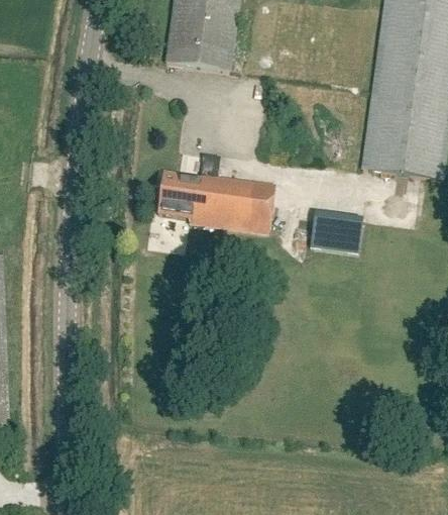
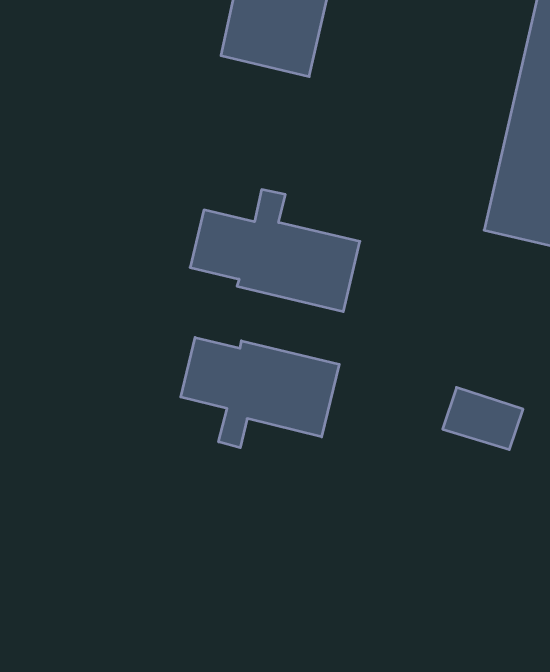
building: [315,213,370,253] -> [443,387,523,450]
building: none -> [181,337,339,448]

